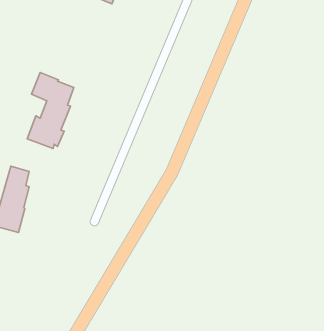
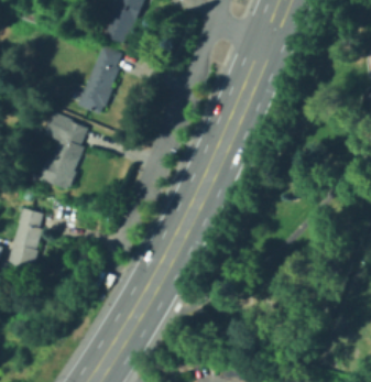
building: none -> [78,45,121,114]

